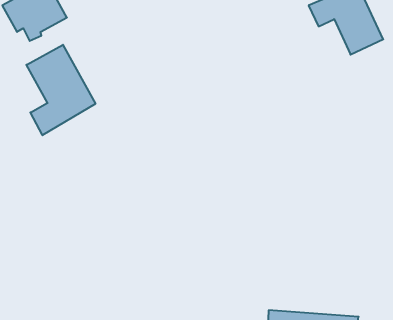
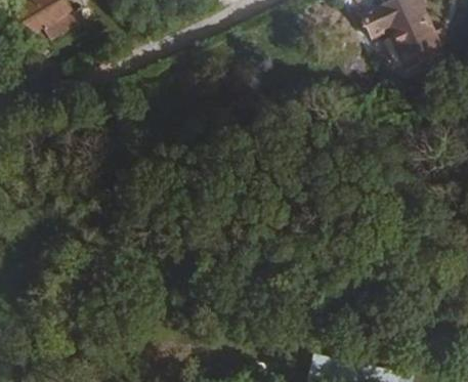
building: [26,45,95,135] -> none

